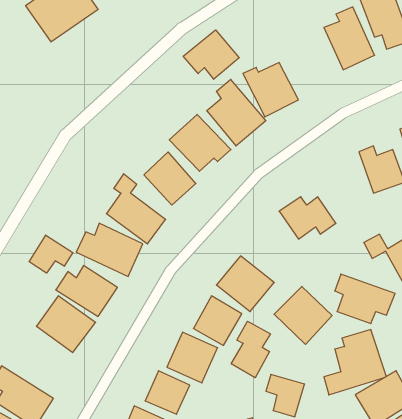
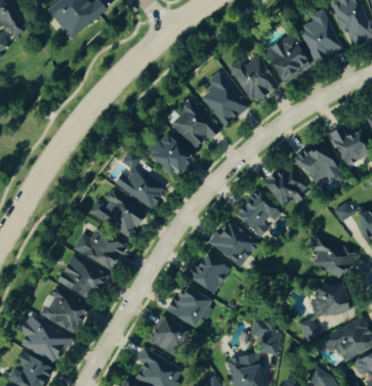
building: [183,30,239,79] -> none
building: none -> [264,35,311,83]
building: none -> [296,142,341,184]
building: [29,235,73,273] -> none
building: [274,286,332,344] -> [234,189,283,239]
building: [231,321,270,378] -> none
building: none -> [41,289,89,334]

